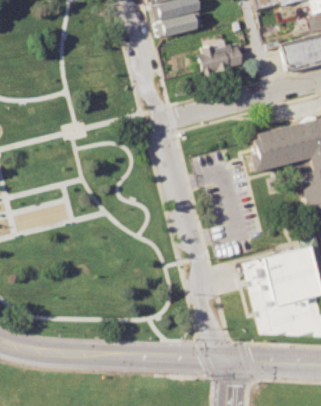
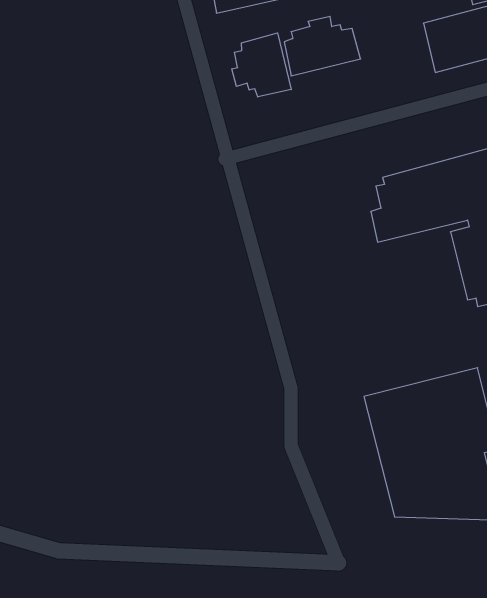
building: none -> [232,33,291,97]

